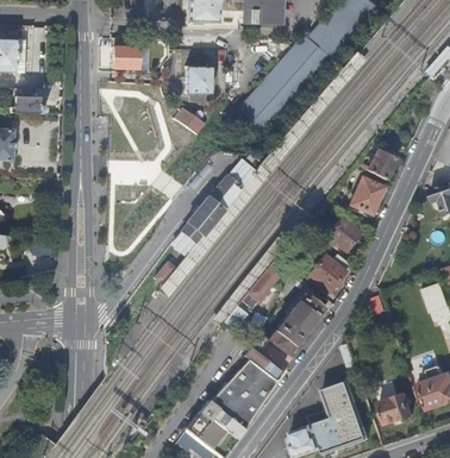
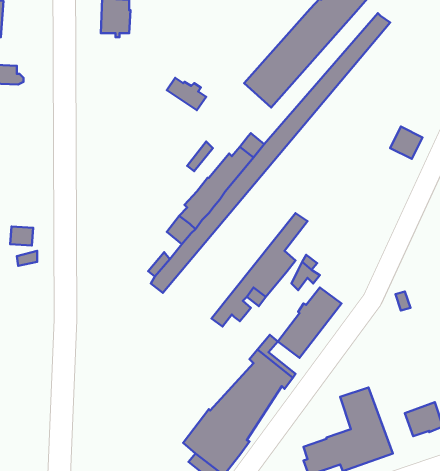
building: [182,67,207,94] -> none
building: [346,177,382,215] -> none
building: [324,218,358,252] -> none
building: [305,255,348,293] -> none

